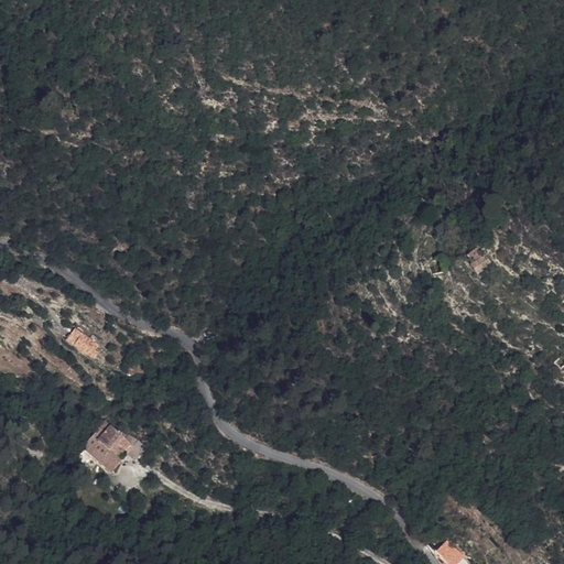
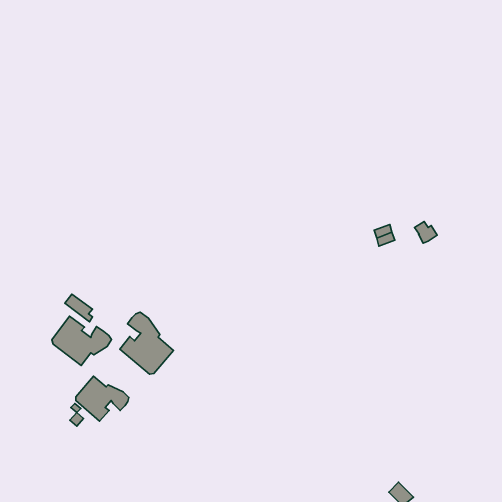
building: none -> [120,312,174,374]
building: none -> [52,316,111,365]

